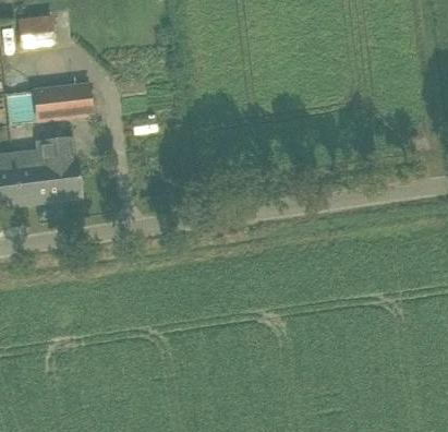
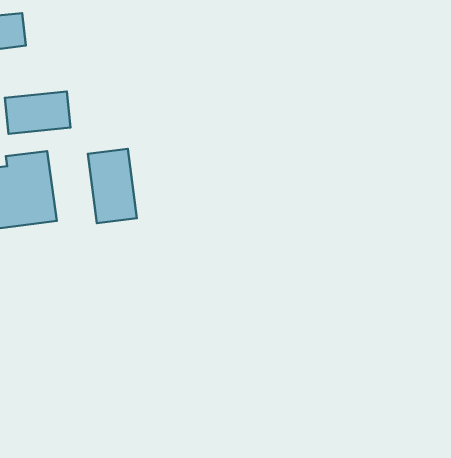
building: none -> [88,149,137,223]

